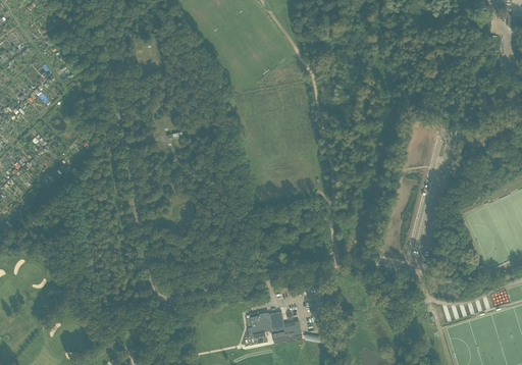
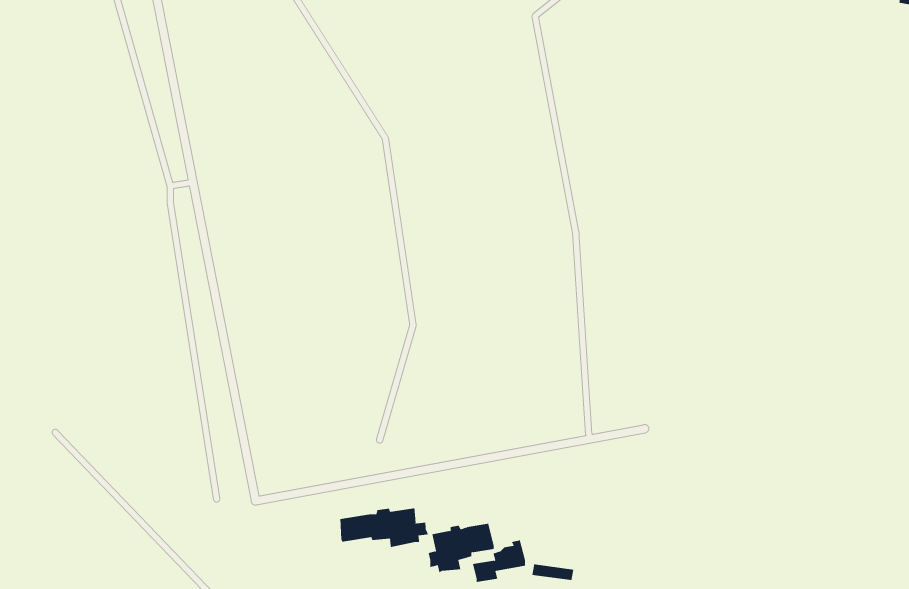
building: none -> [340,508,429,548]

